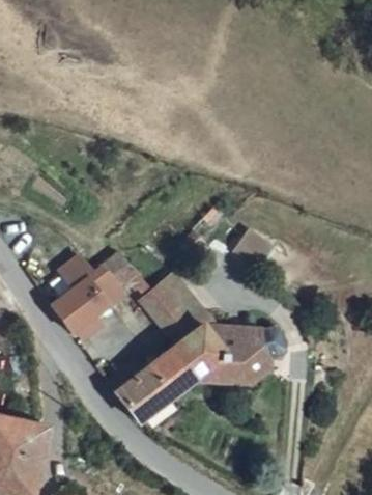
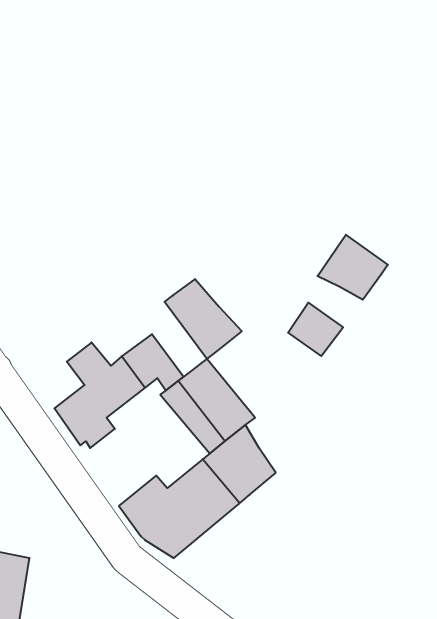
building: none -> [317,235,388,300]
building: none -> [165,279,242,359]
building: [200,318,283,382] -> none

